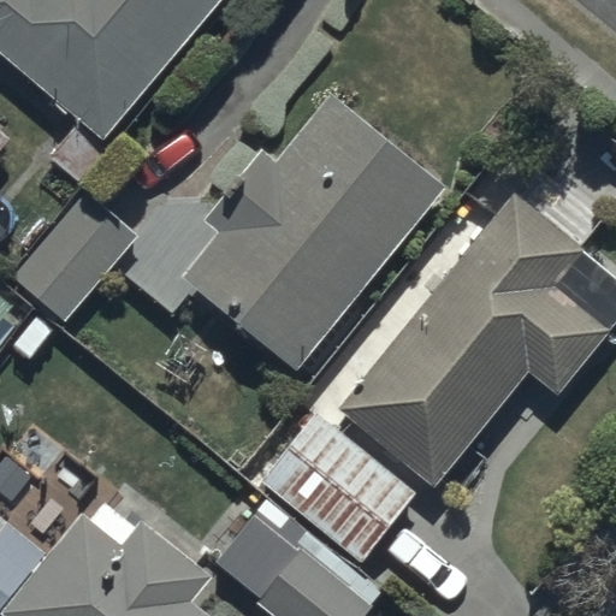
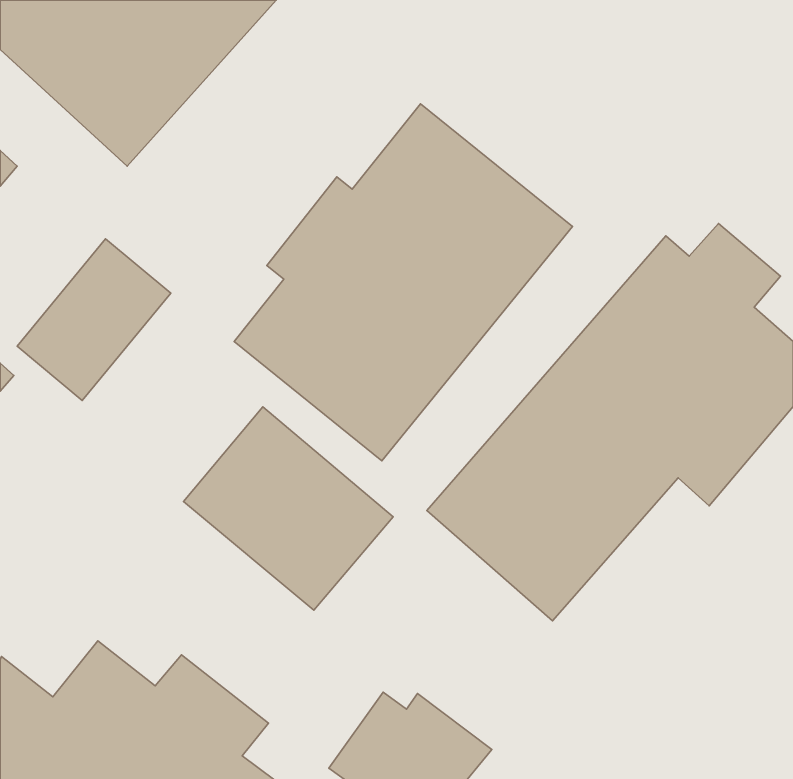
building: [257,409,420,567] -> [184,407,393,610]

